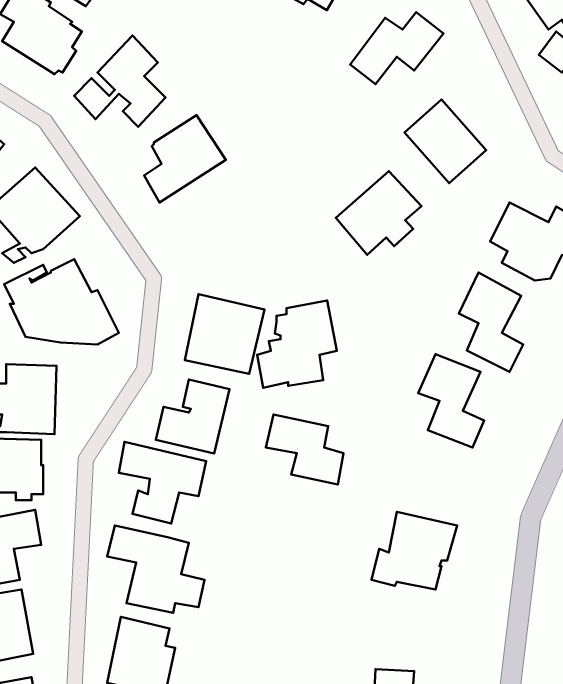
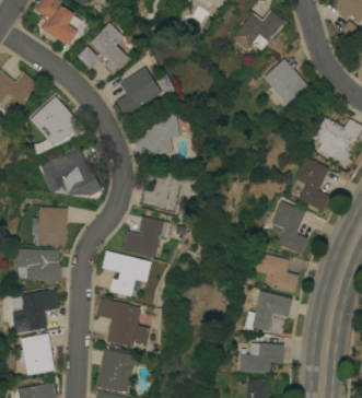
building: [336,171,422,255] -> none
building: [257,300,337,388] -> [137,107,182,156]
building: [266,414,344,484] -> [255,253,299,292]
building: none -> [240,342,284,373]

